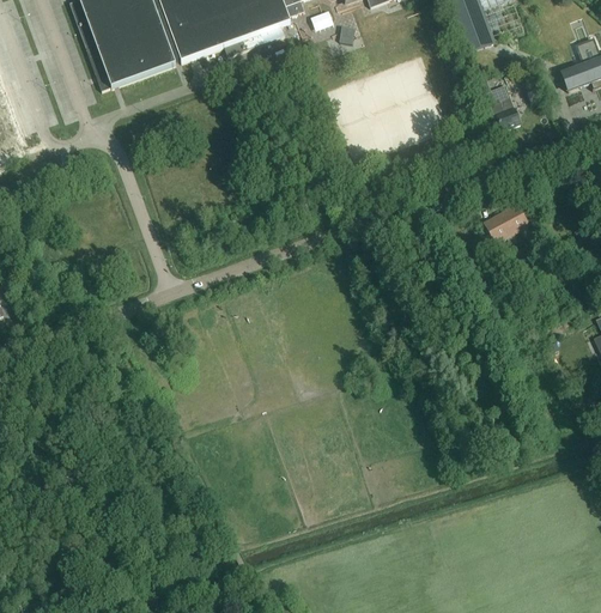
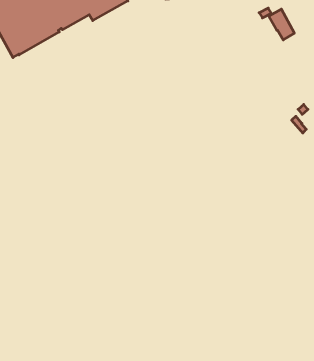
building: [490,204,526,232] -> none

